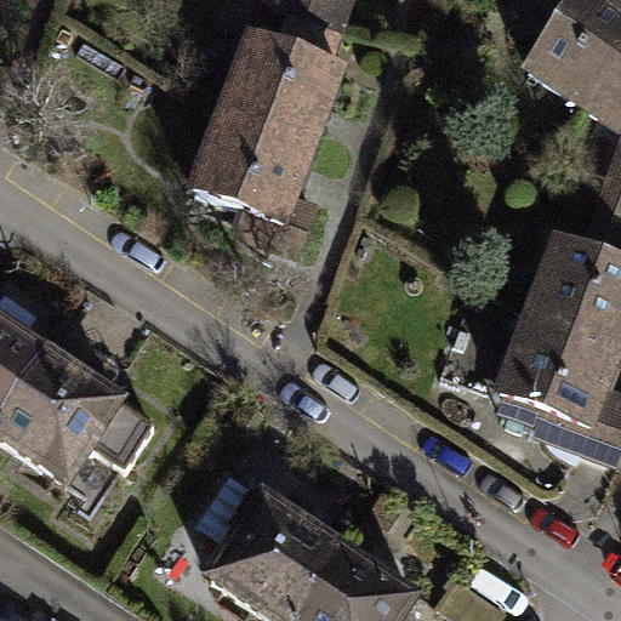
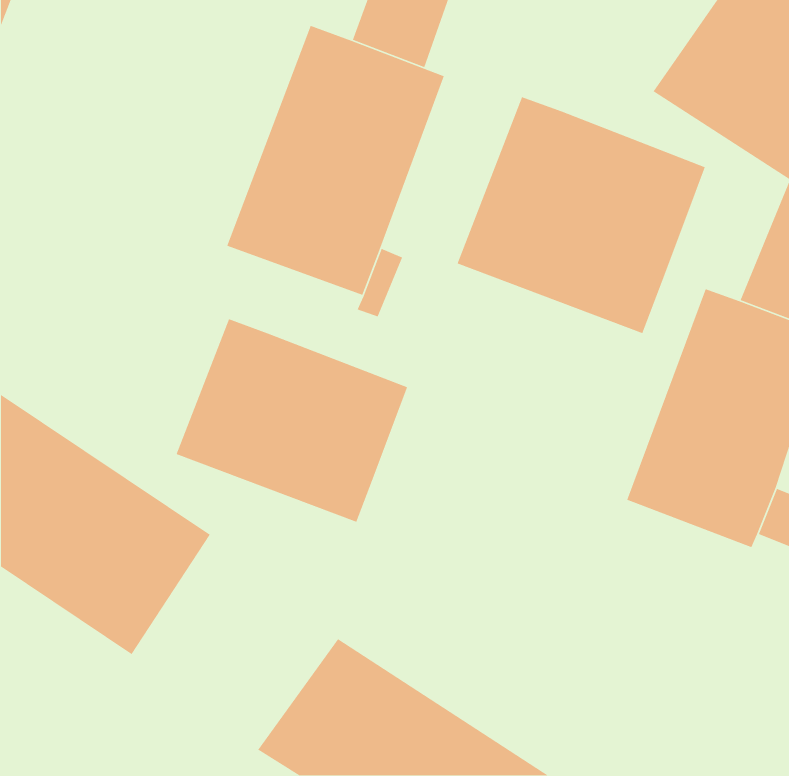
building: none -> [457,96,706,334]
building: none -> [176,318,408,523]

